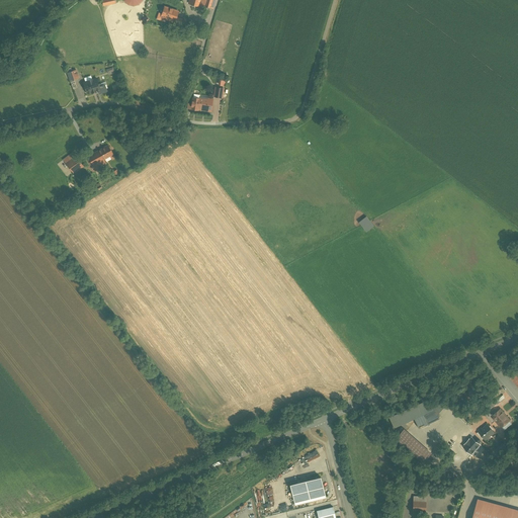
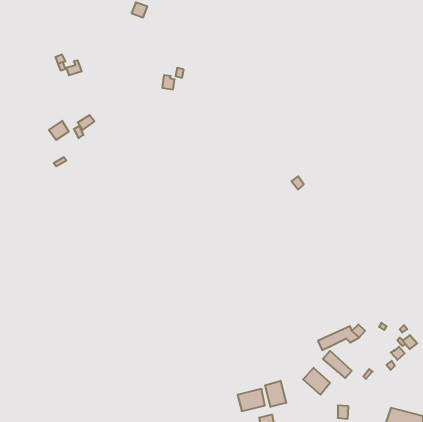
building: none -> [303,368,330,395]
building: none -> [265,381,286,407]

